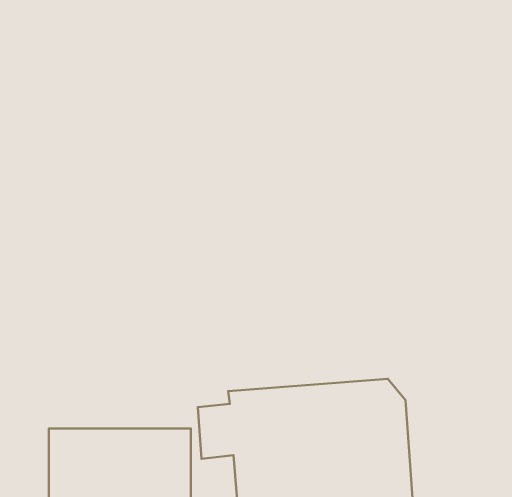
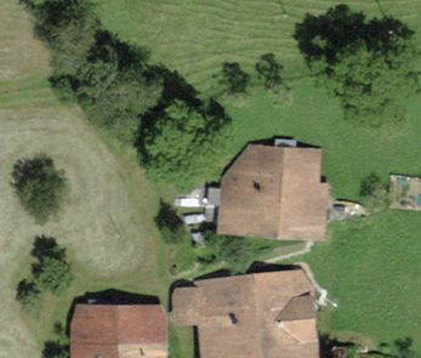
building: none -> [209,148,329,238]

